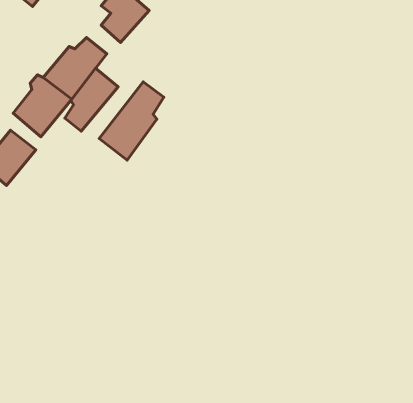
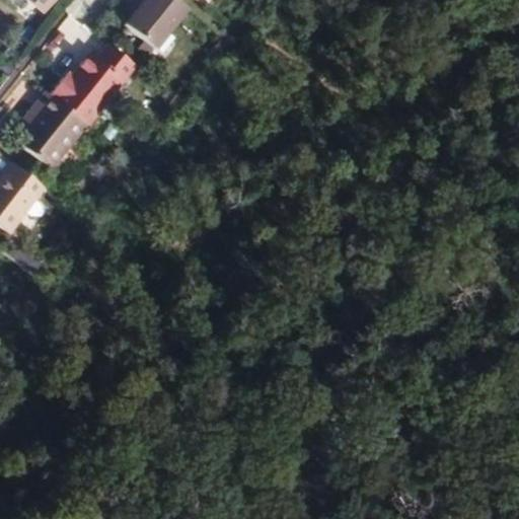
building: [65,68,118,131] -> none
building: [99,82,164,160] -> none

